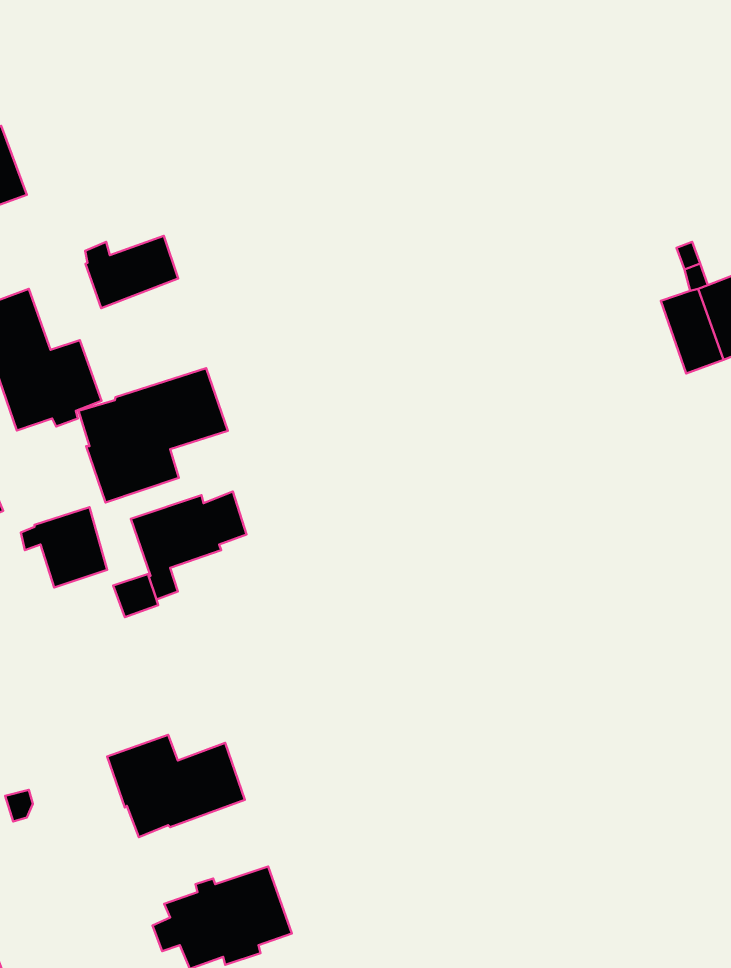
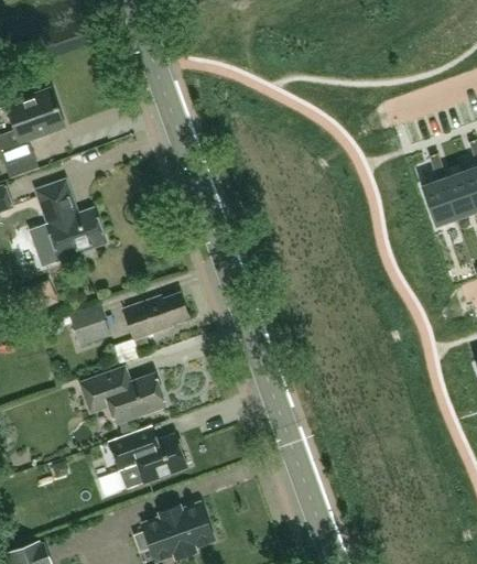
building: [85,236,178,308] -> none
building: [78,368,228,502] -> none
building: none -> [80,369,165,423]

